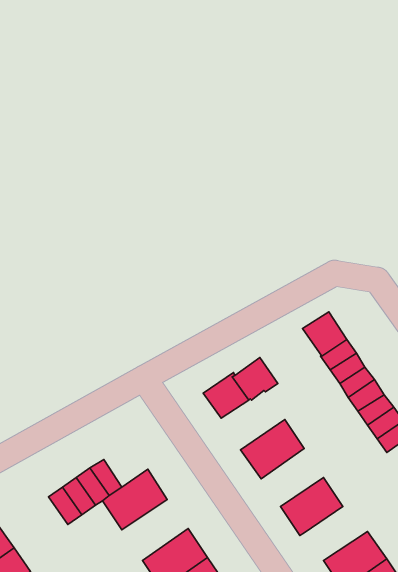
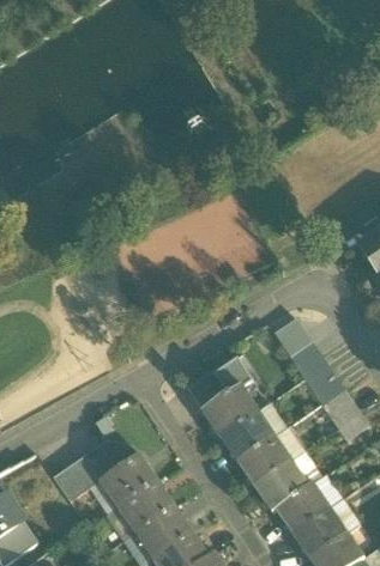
building: none -> [203,385,259,437]
building: none -> [239,436,292,486]
building: none -> [117,480,175,532]
building: none -> [276,482,331,532]

